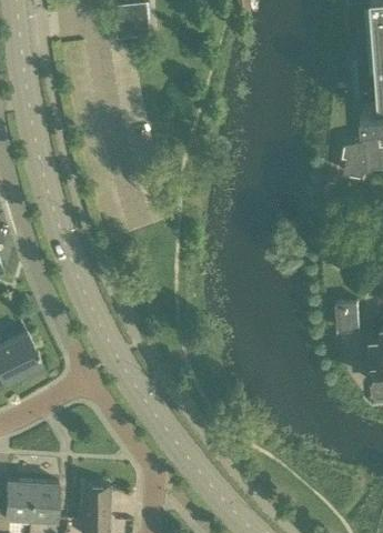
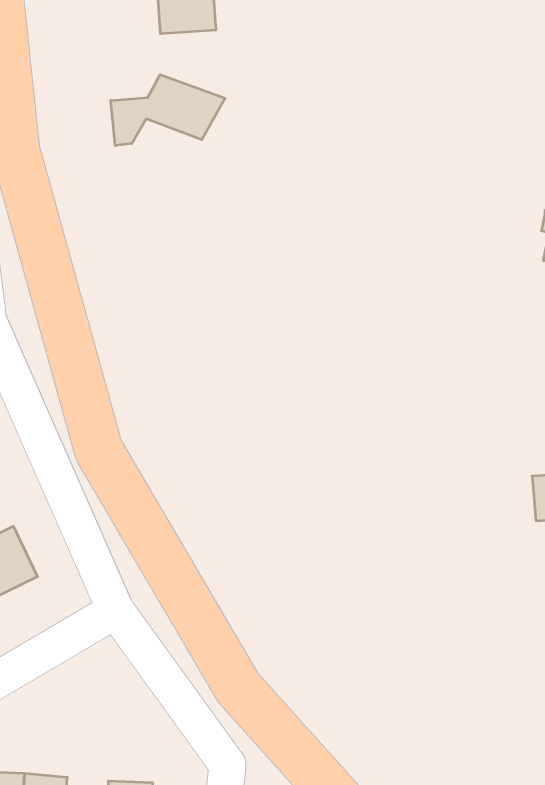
building: none -> [111,75,225,146]

